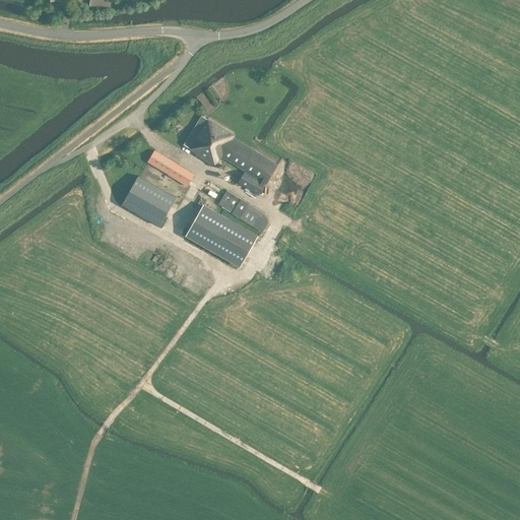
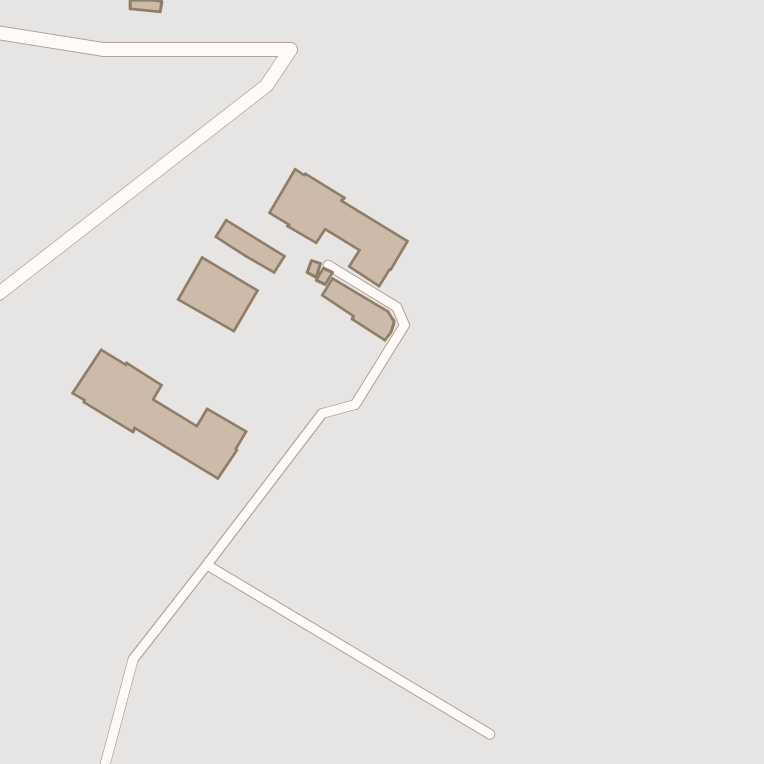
building: [185,206,256,265] -> none
building: none -> [72,350,246,478]

